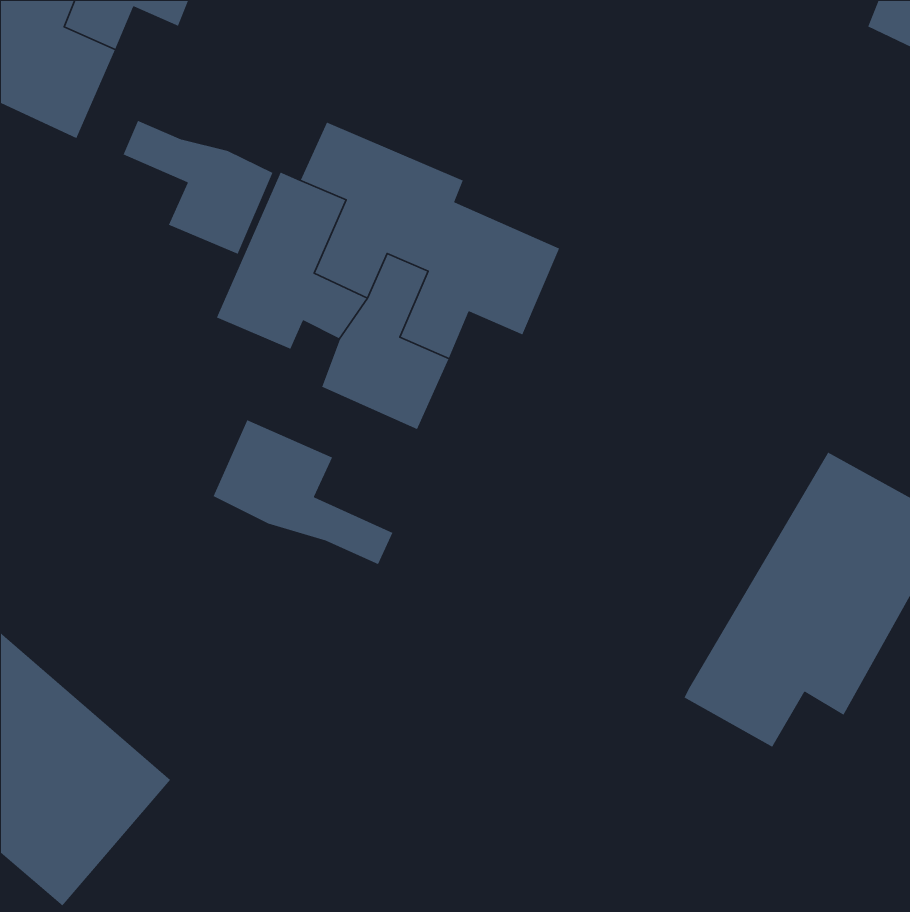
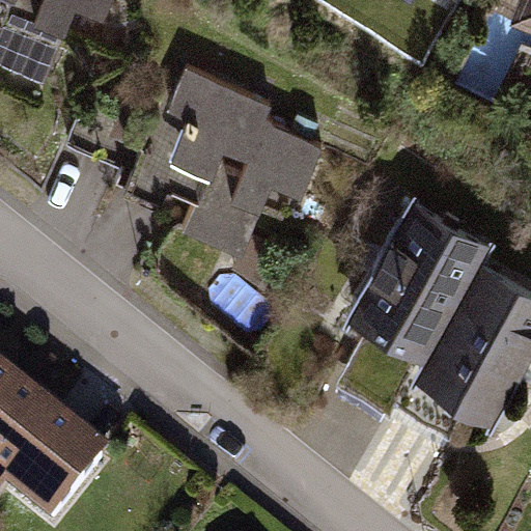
building: [122,120,274,255] -> none
building: none -> [348,199,493,399]
building: [213,419,394,565] -> none

